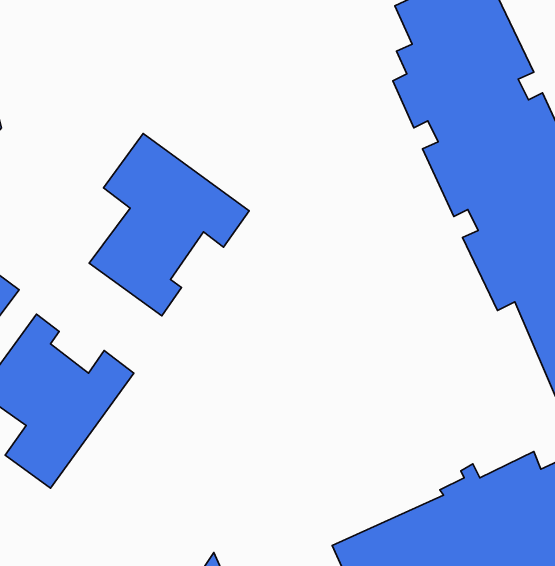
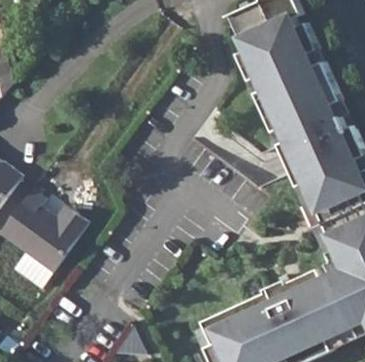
building: [89,133,249,316] -> none

